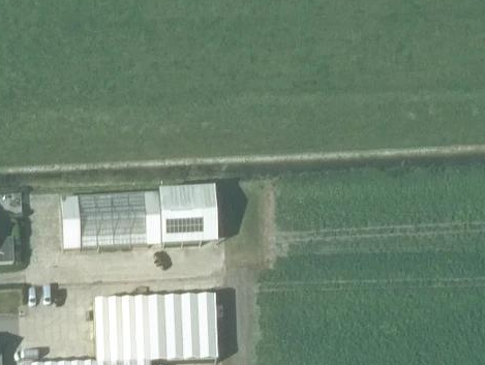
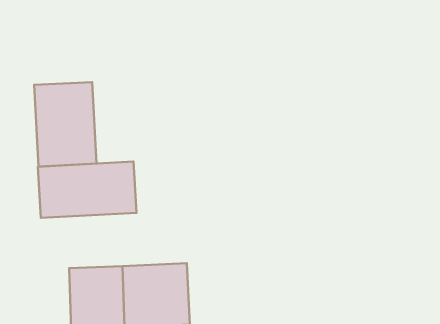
building: none -> [34,82,96,166]
building: [159,184,217,241] -> none

